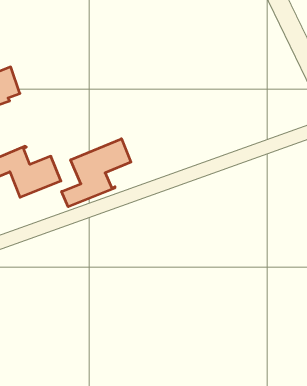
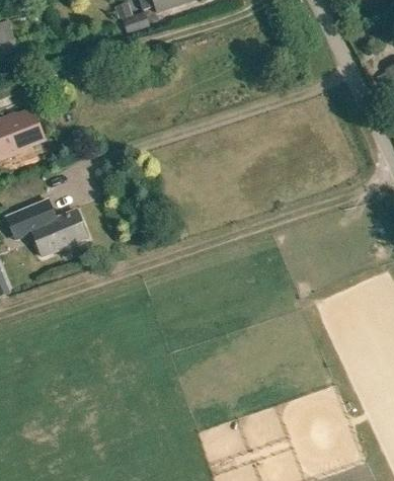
building: [62,139,131,207] -> none

